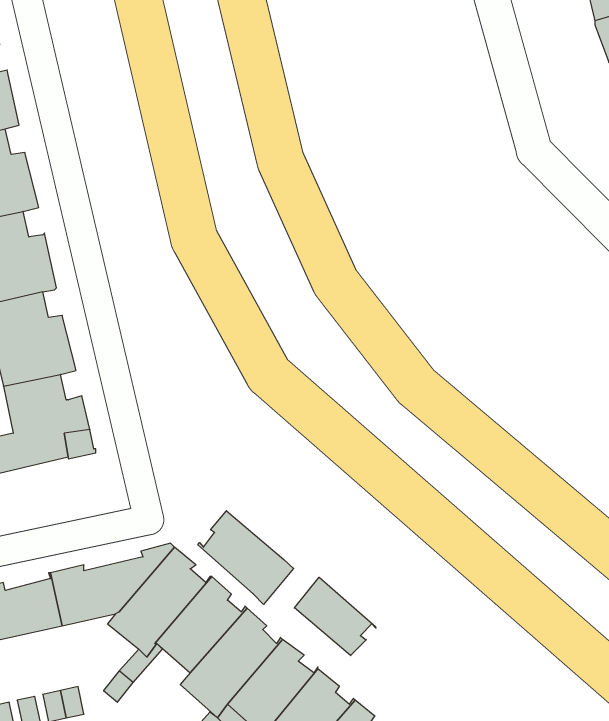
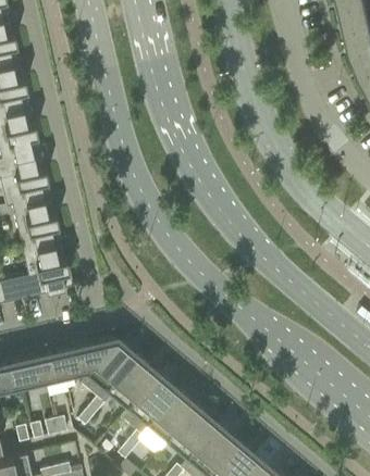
building: [198,511,294,604] -> none
building: [294,577,376,656] -> none

